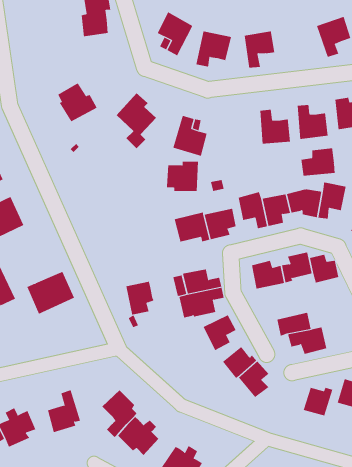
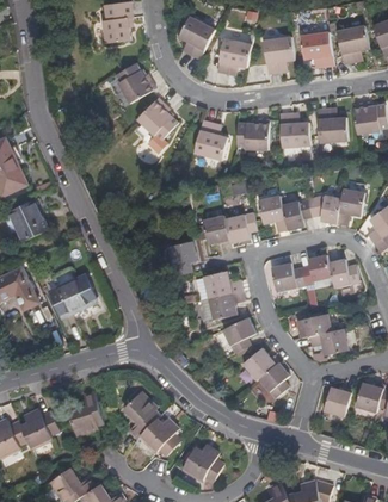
building: none -> [301,32,333,67]
building: [58,82,97,122] -> [116,63,155,103]
building: [301,148,335,177] -> none
building: [166,161,199,191] -> [236,122,269,151]
building: [125,281,154,315] -> [175,241,204,274]

